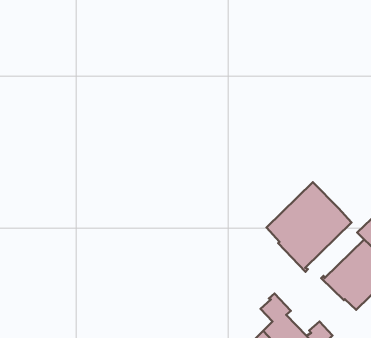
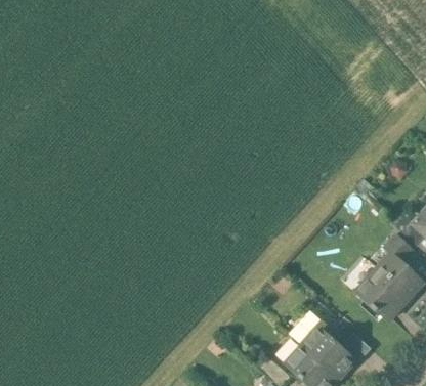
building: [267,182,351,272] -> none

